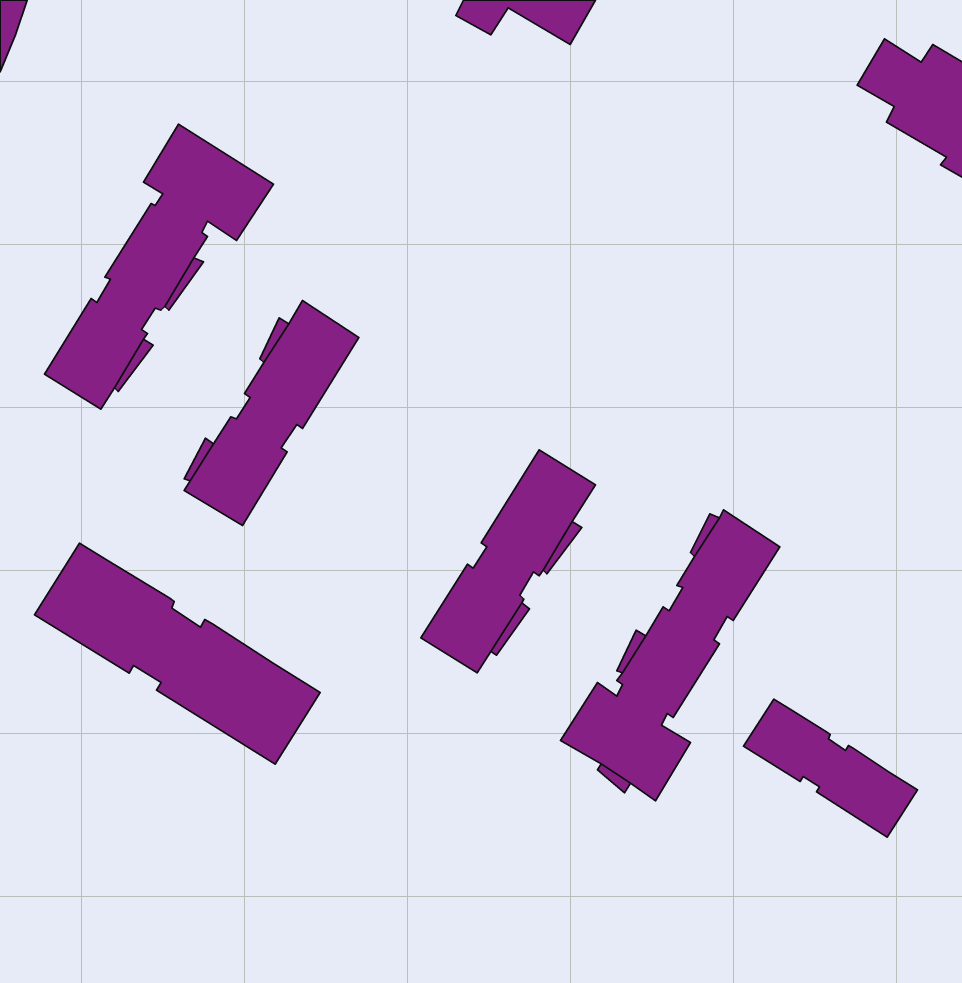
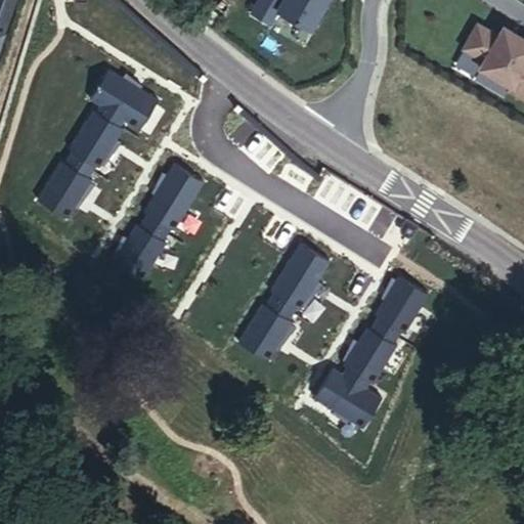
building: [35,543,320,764] -> none
building: [744,699,917,837] -> none

